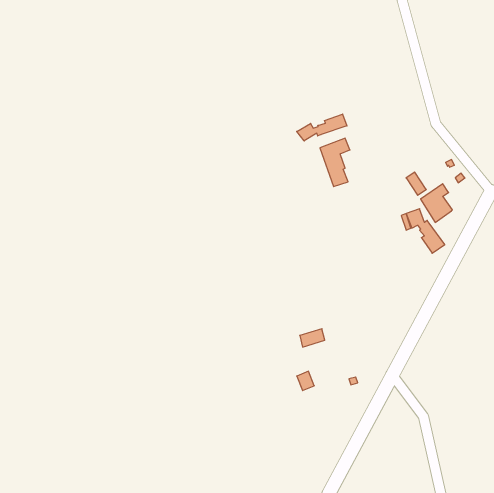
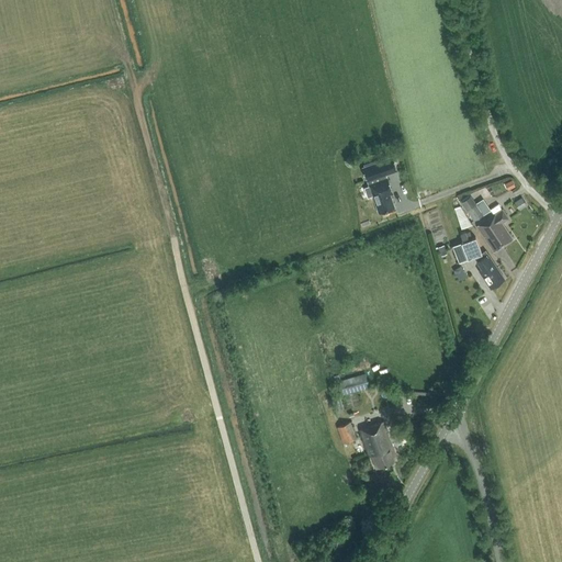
building: [297,114,347,141] -> none
building: none -> [360,422,396,468]

